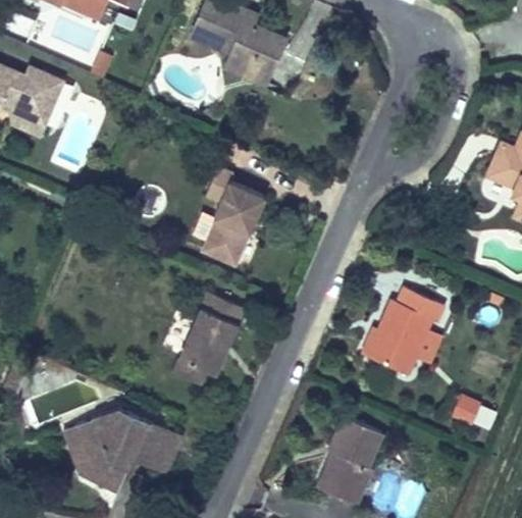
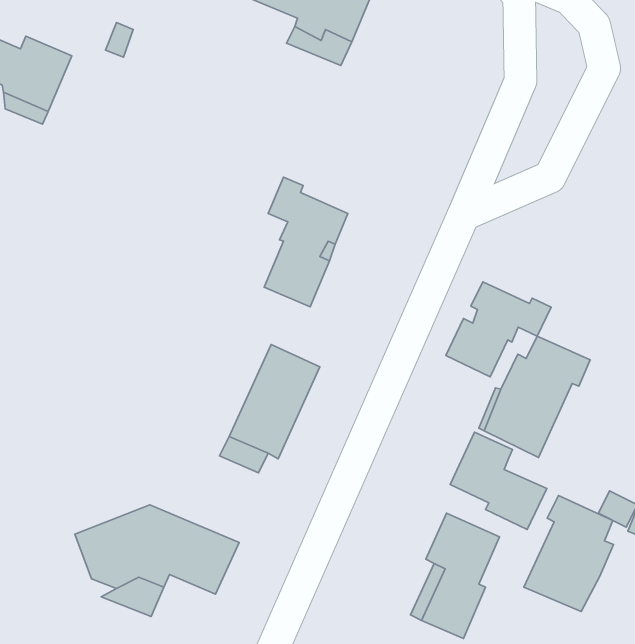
building: none -> [446,282,551,377]
building: none -> [450,432,547,529]
building: none -> [524,495,613,612]

